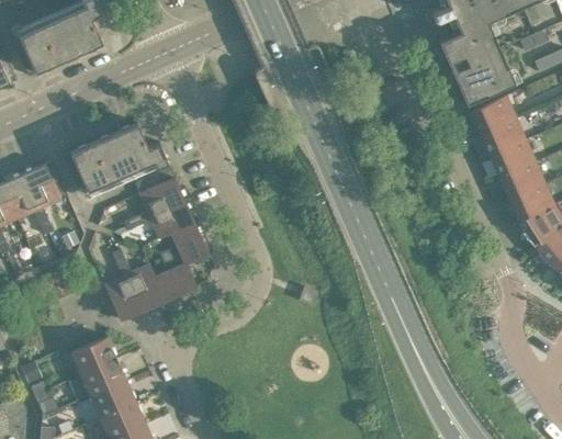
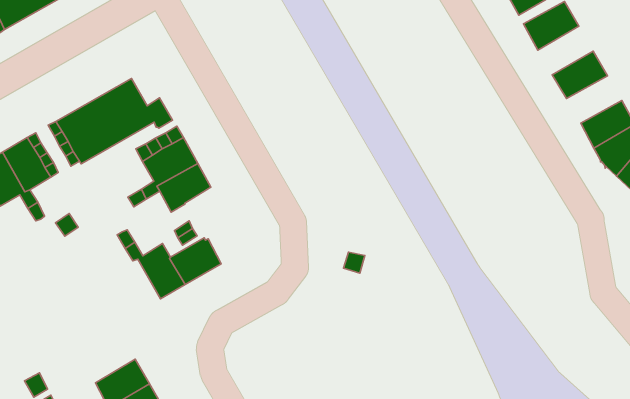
building: [480,119,526,157] -> none
building: [499,162,546,200] -> none
building: [171,222,210,266] -> none
building: [104,275,143,320] -> none
building: [71,337,116,375] -> none

